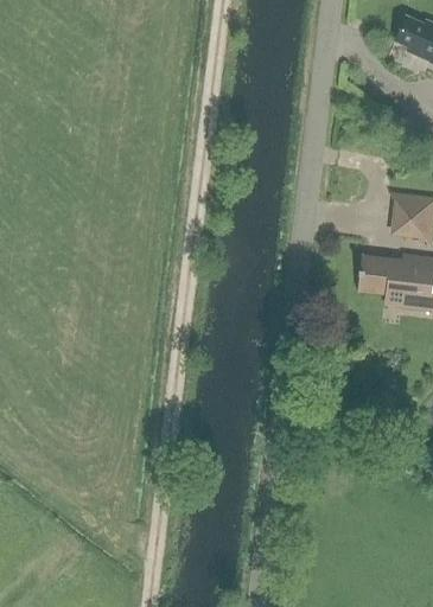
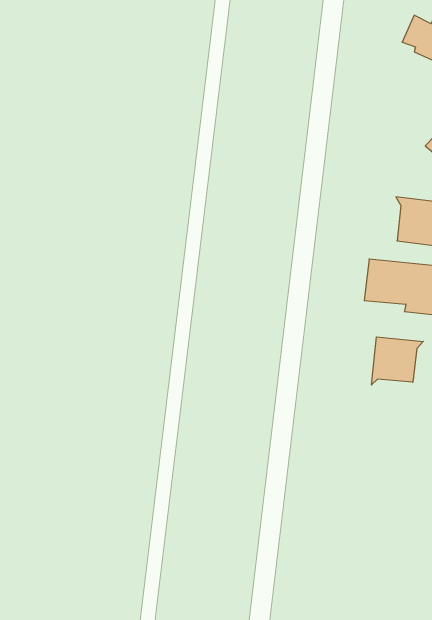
building: none -> [372,337,423,385]

